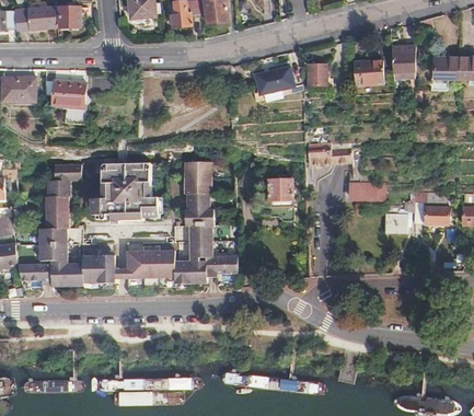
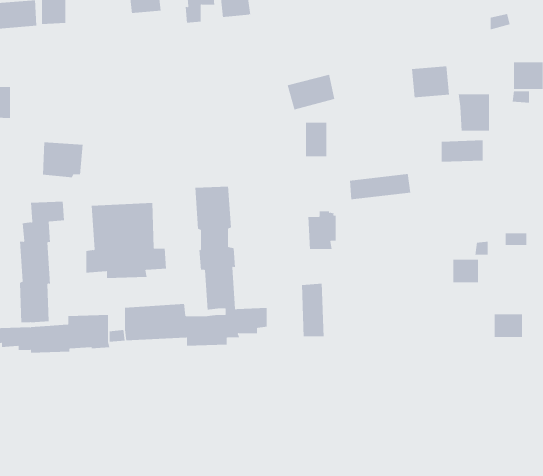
building: [390,45,415,74] -> [458,94,490,131]
building: [308,65,325,92] -> [305,122,327,157]
building: [53,79,85,107] -> [42,142,83,178]
building: [351,182,385,199] -> [441,140,484,162]
building: [425,206,448,224] -> [494,314,523,337]
building: none -> [302,283,324,337]

